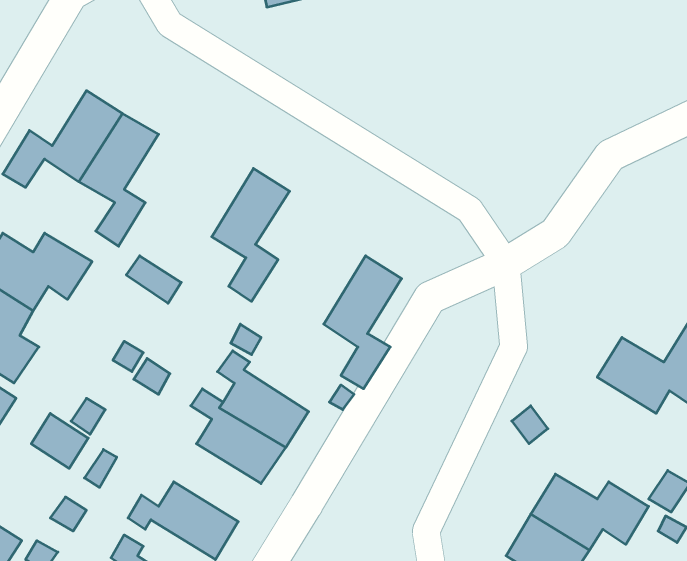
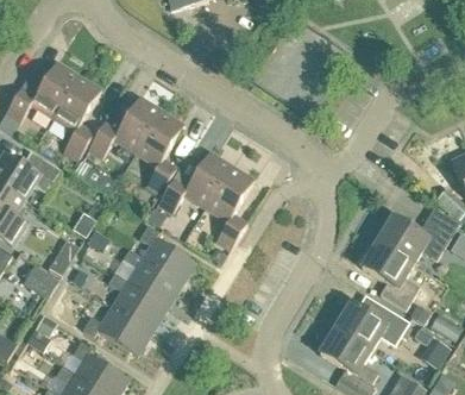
building: none -> [88,95,162,156]
building: none -> [158,150,232,212]
building: none -> [362,240,420,309]
building: none -> [108,270,166,331]

